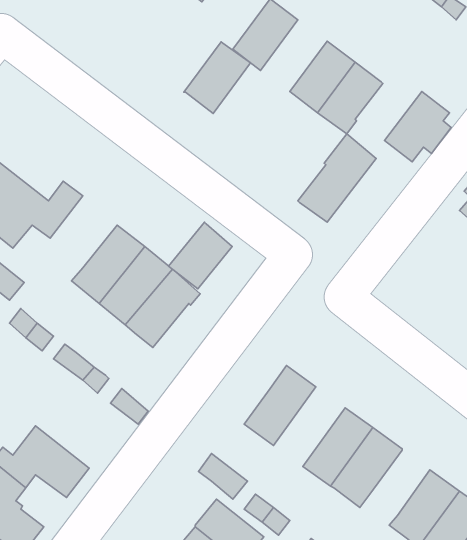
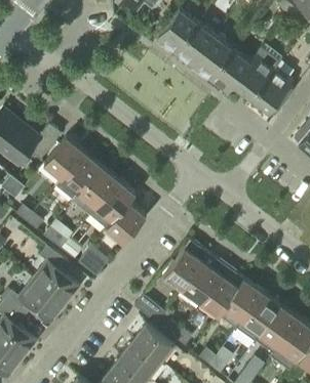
building: [184,42,251,113] -> [173,23,216,68]
building: [298,134,376,222] -> [233,43,282,98]
building: none -> [44,137,83,178]
building: [169,222,232,289] -> [106,201,146,243]
building: none -> [32,246,80,304]
building: none -> [182,253,227,309]
building: none -> [236,293,280,341]

